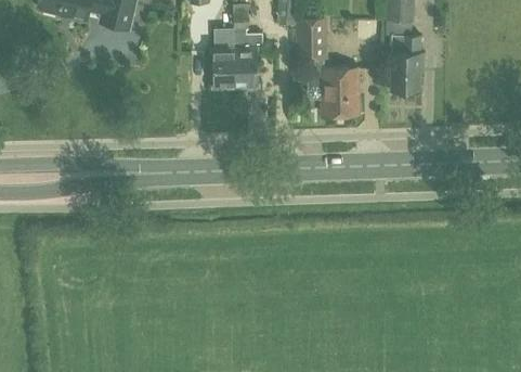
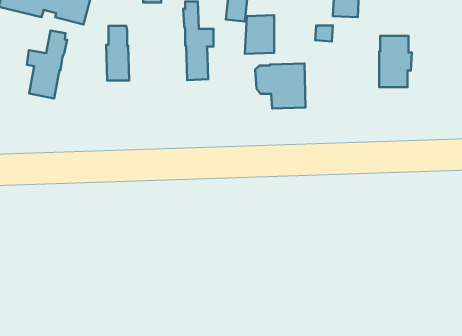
building: [212,30,236,87] -> [106,26,129,80]
building: none -> [27,31,67,99]
building: [391,37,425,90] -> [379,36,412,87]

